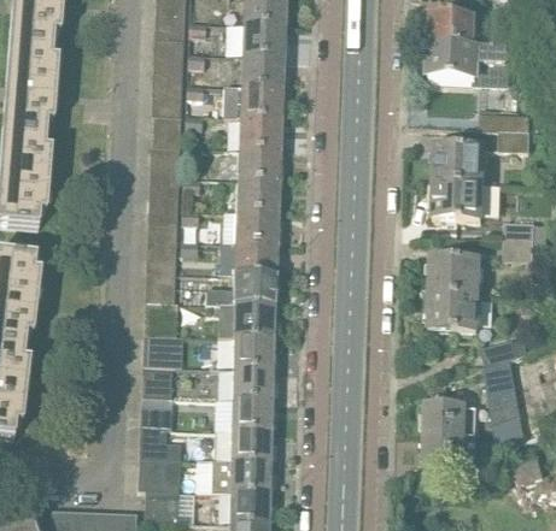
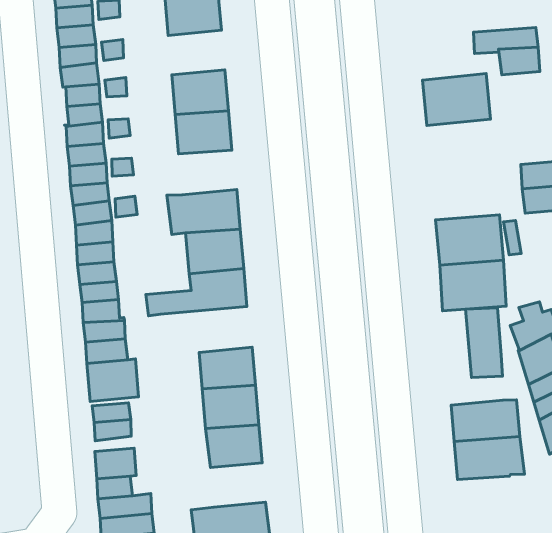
building: [239,85,282,118] -> none
building: [235,179,279,213] -> none
building: [433,182,485,219] -> none
building: [206,303,275,338] -> none
building: none -> [465,308,502,378]
building: [229,429,271,461] -> none

